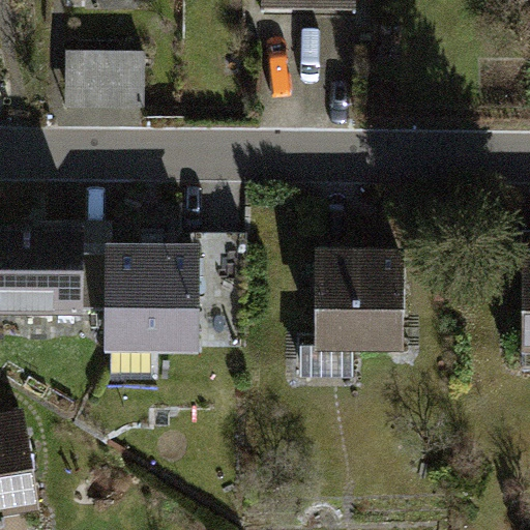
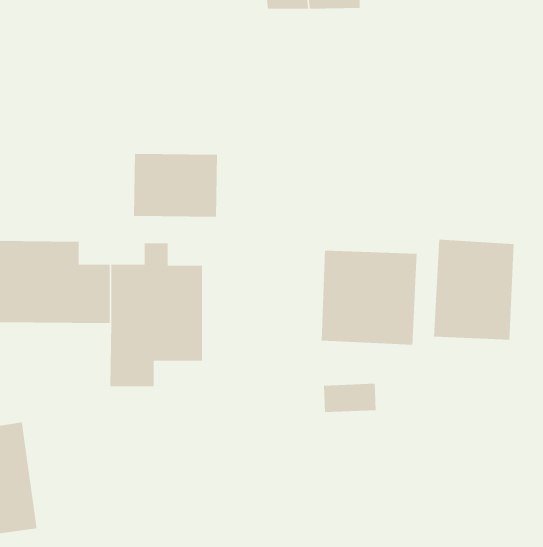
building: [66,52,148,114] -> [133,153,218,218]
building: none -> [433,239,515,341]

